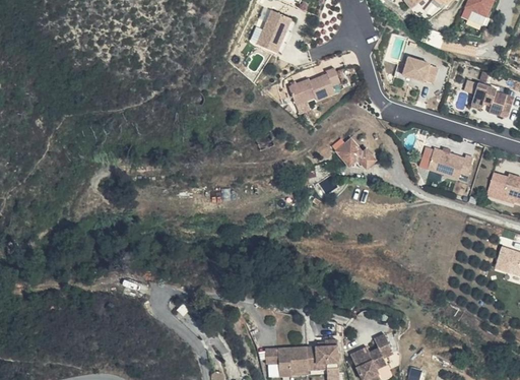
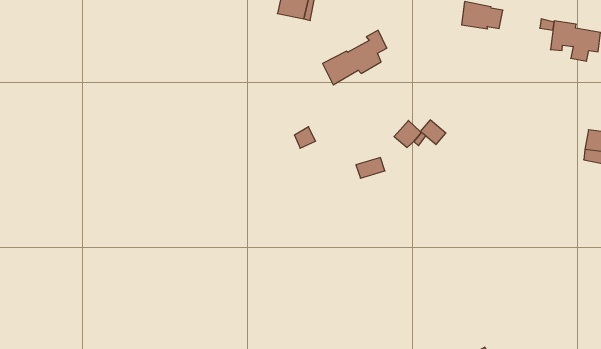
building: [427,148,473,177] -> none

